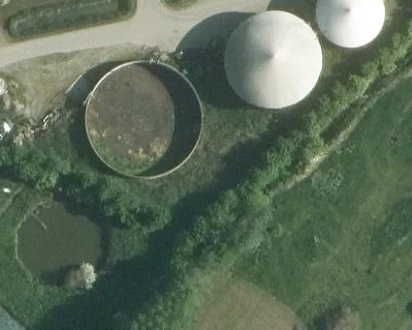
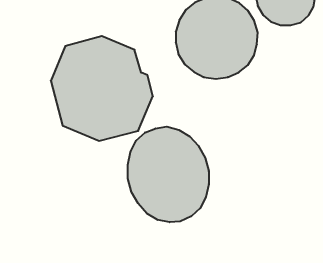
building: none -> [128,127,209,222]

